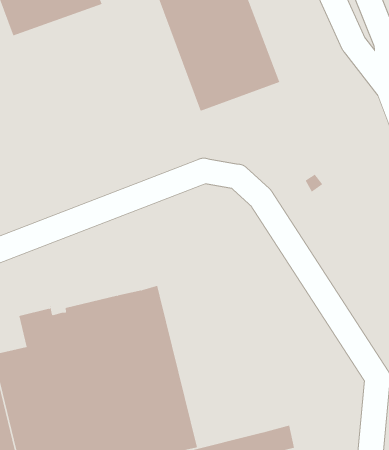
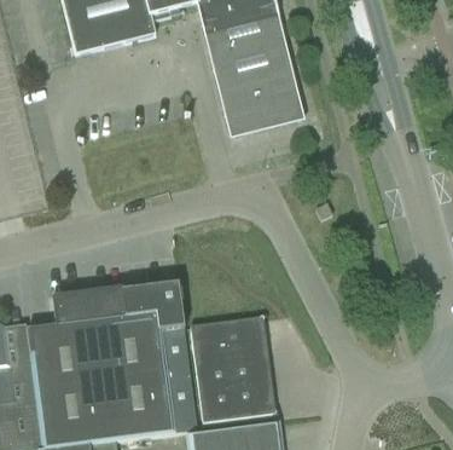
building: none -> [191,315,277,421]

